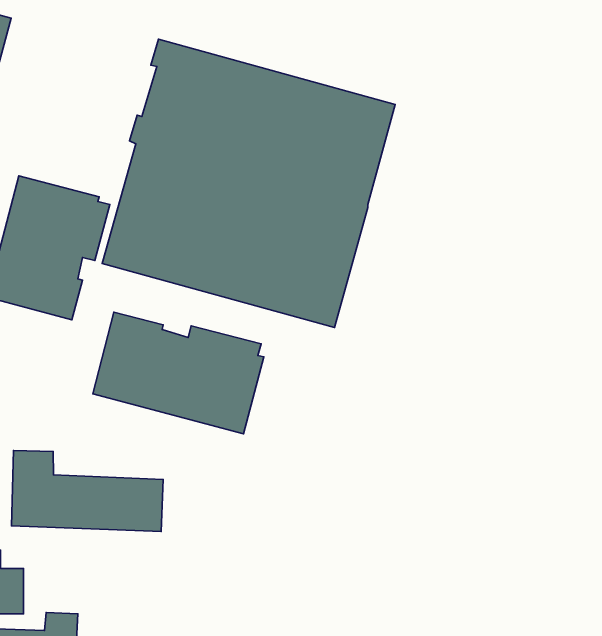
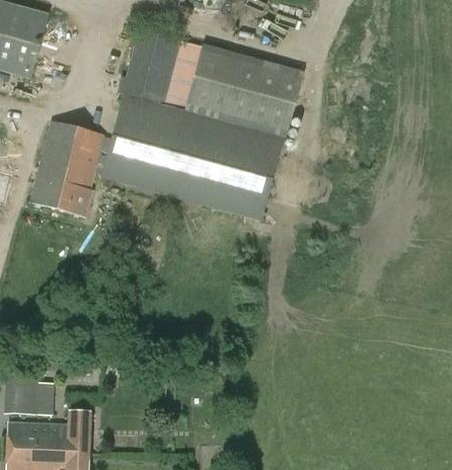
building: [93,312,264,434] -> none
building: [11,450,163,532] -> none

